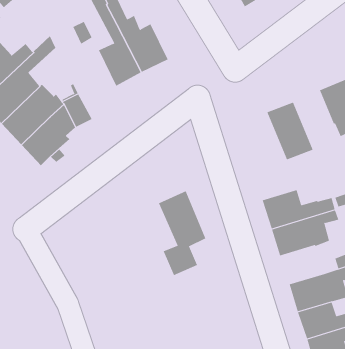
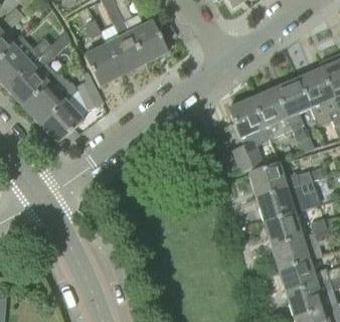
building: none -> [84,44,123,87]
building: none -> [276,78,310,142]
building: [158,190,206,276] -> [228,98,270,171]
building: none -> [264,212,302,246]

